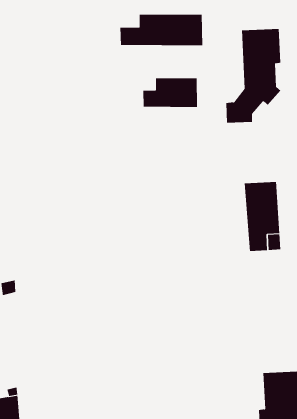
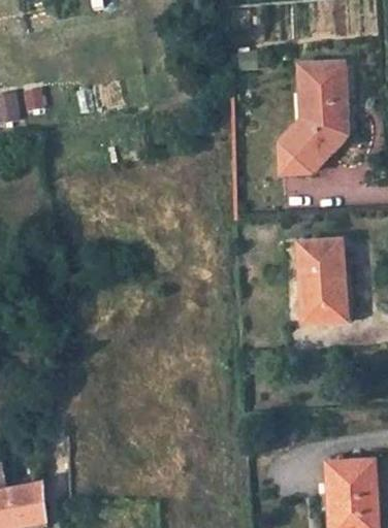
building: [120,14,203,46] -> none
building: [143,77,197,108] -> none

